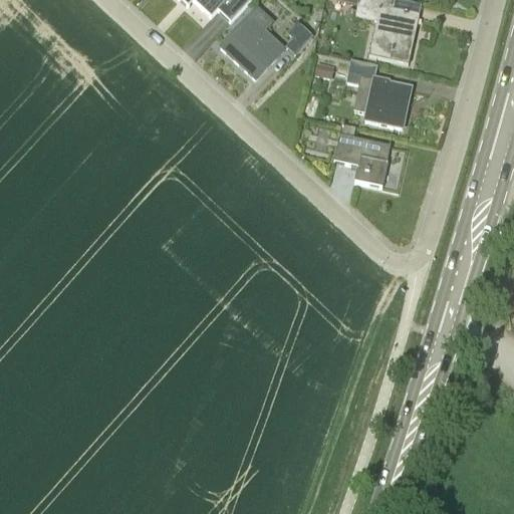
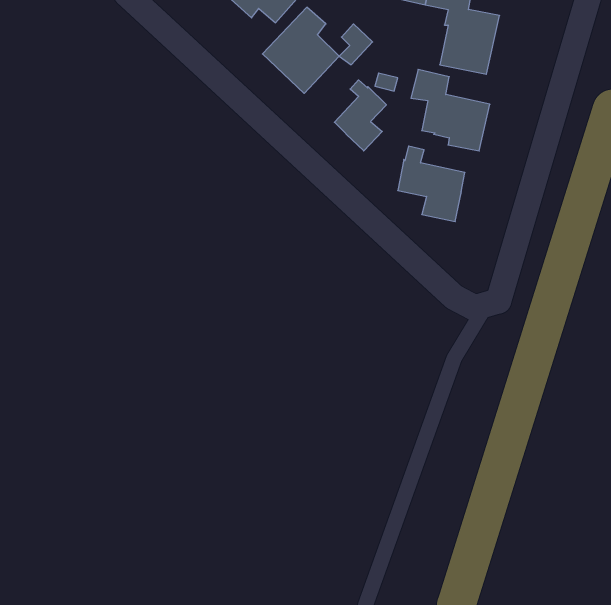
building: none -> [334,80,386,151]

